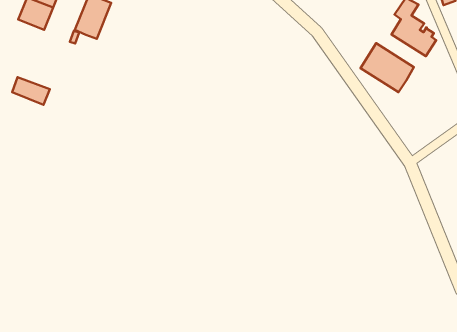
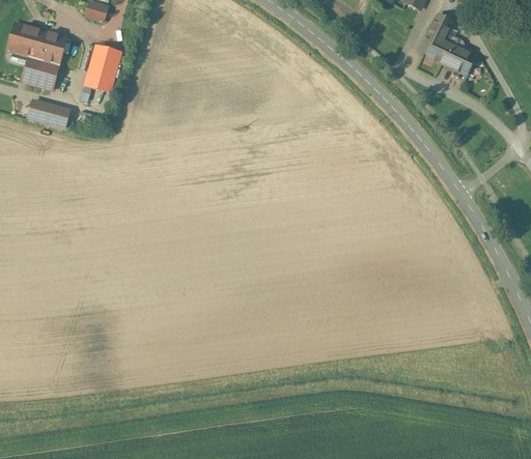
building: [361,43,414,92] -> none
building: [12,77,50,105] -> [28,101,68,127]

